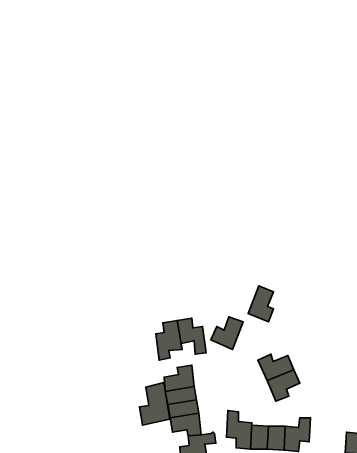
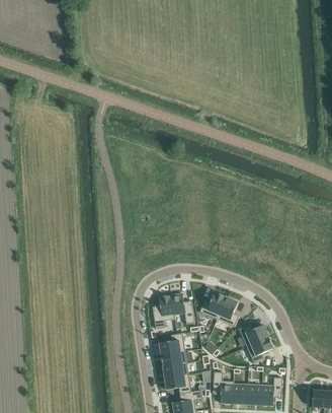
building: [248,286,273,322] -> [217,296,238,327]
building: [140,383,170,425] -> none

